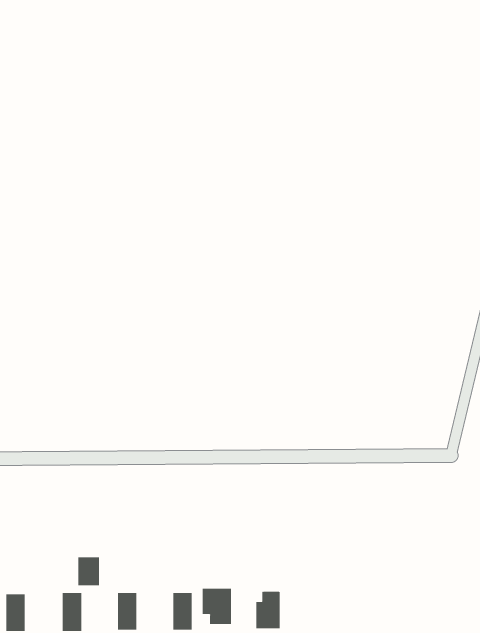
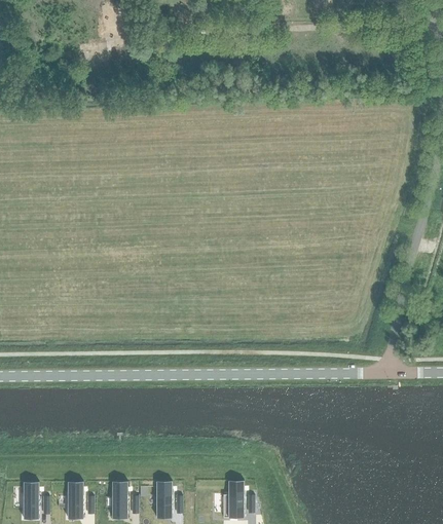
building: [78,557,100,586] -> none
building: [202,588,232,625] -> none

